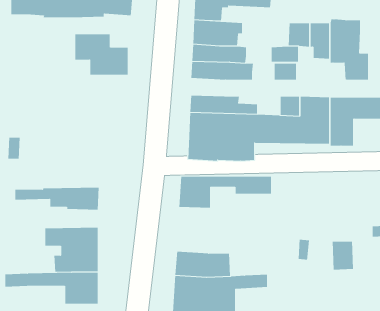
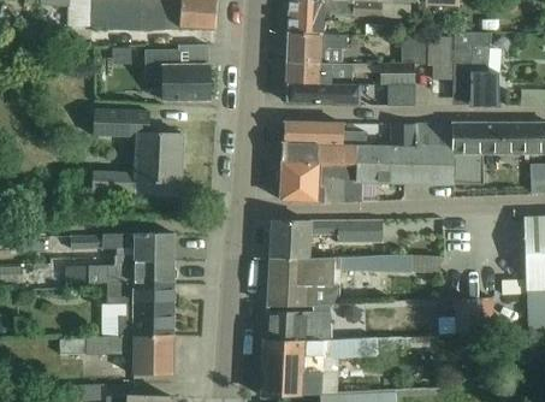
building: none -> [93,110,182,199]
building: none -> [267,255,410,307]
building: none -> [66,258,173,283]

